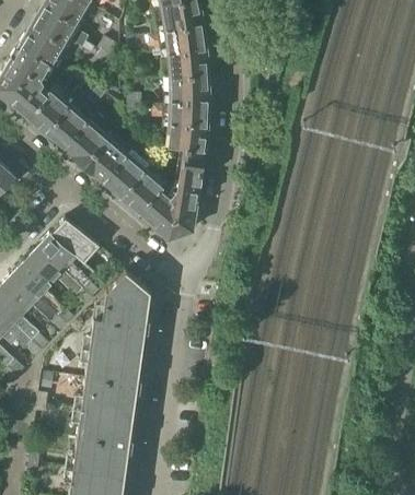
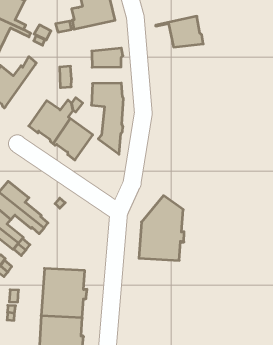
building: [149,40,208,78] -> [156,16,203,47]
building: [53,90,107,167] -> none
building: [151,98,206,121] -> none
building: [138,185,195,241] -> none
building: [50,220,99,264] -> none
building: [89,273,150,357] -> [139,196,184,260]

